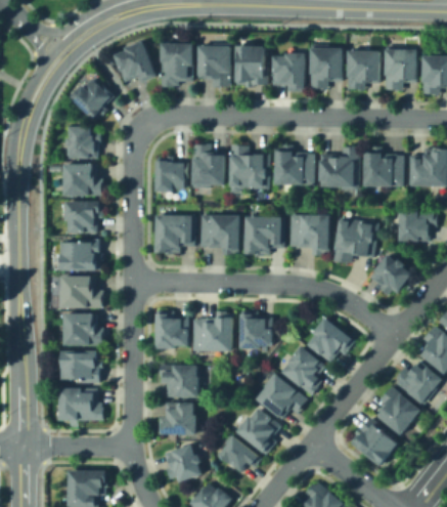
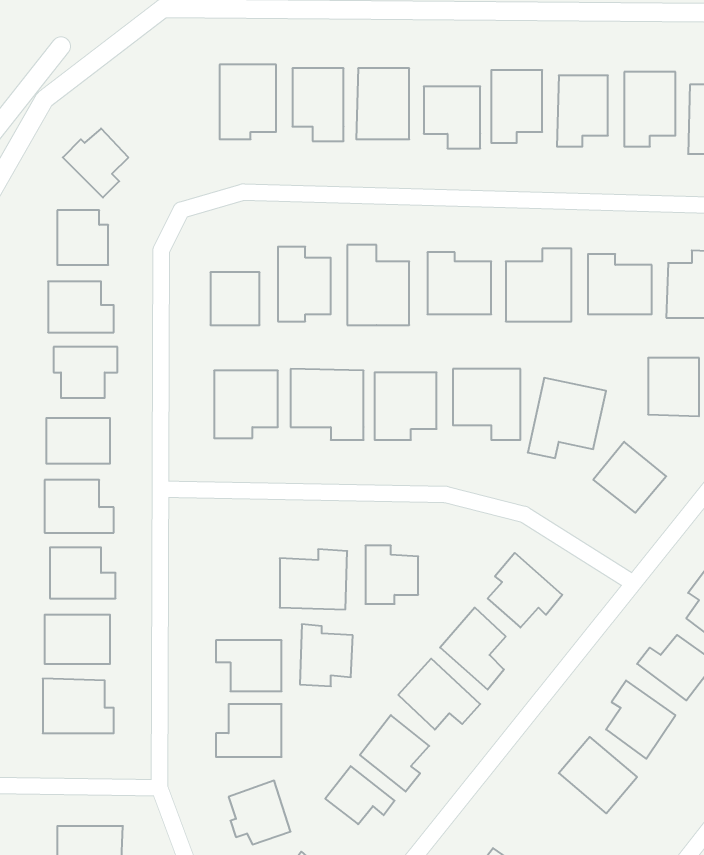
building: [114,42,154,83] -> none
building: [157,313,186,348] -> [300,624,353,686]

